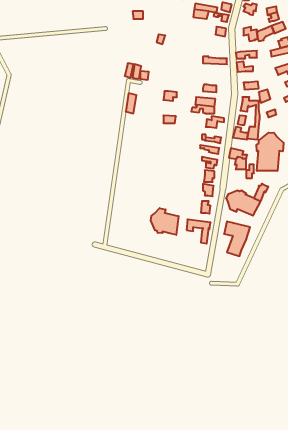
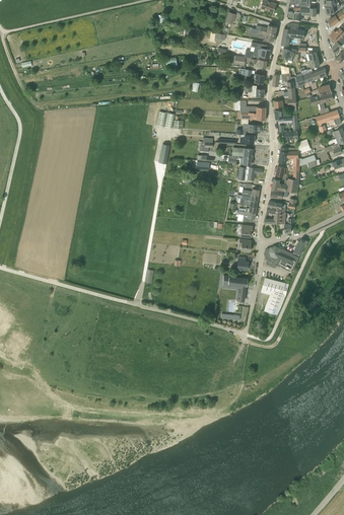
building: [256,133,284,171] -> none
building: [151,208,179,235] -> none

